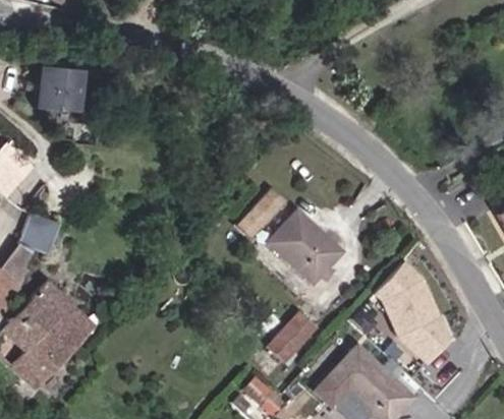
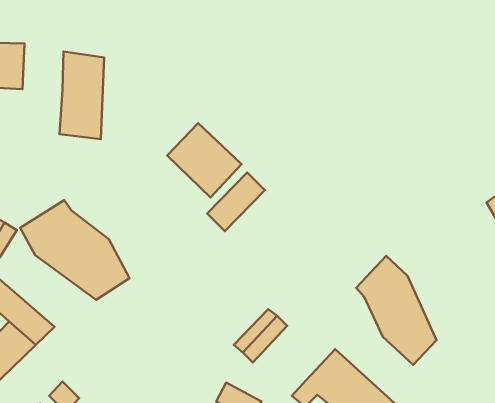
building: none -> [59,51,104,139]
building: none -> [20,200,130,300]
building: [271,212,339,280] -> [167,123,242,198]

